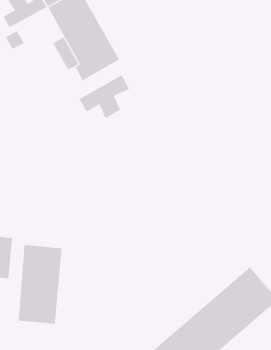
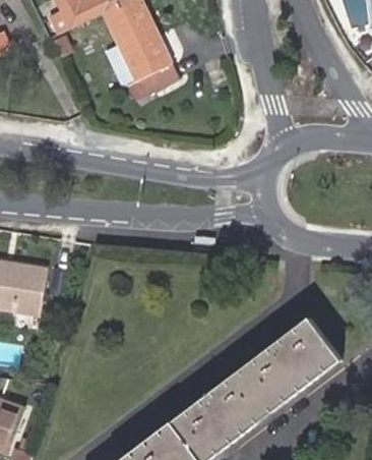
building: [79,74,130,119] -> none
building: [18,244,62,324] -> none

